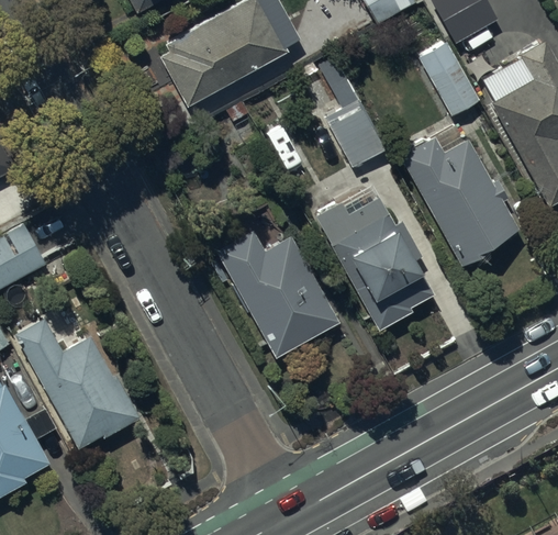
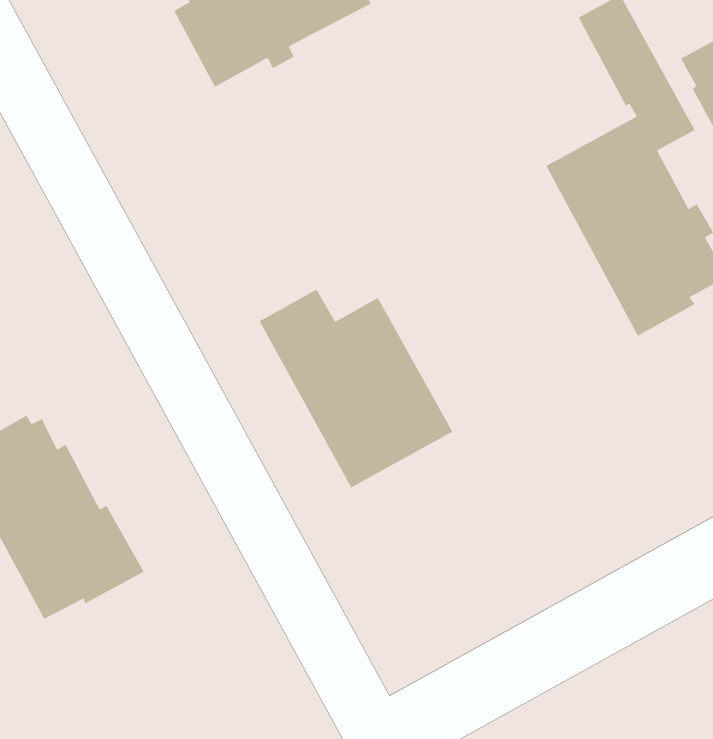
building: [319,56,389,170] -> none
building: [316,199,435,333] -> none

